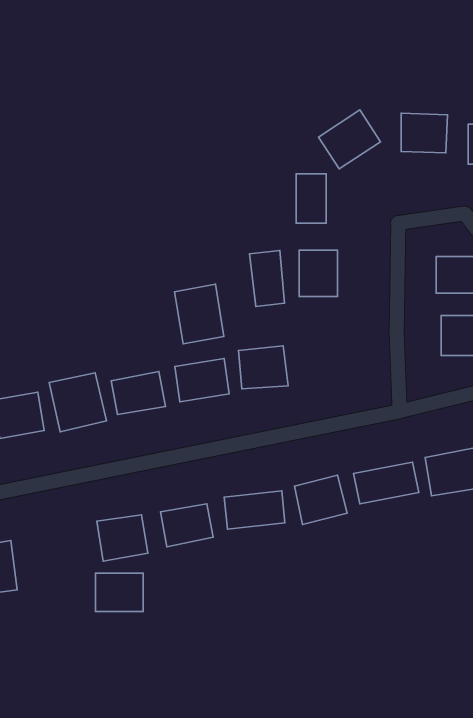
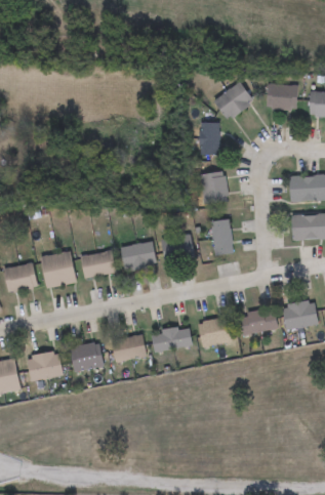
building: [249,251,285,306] -> [210,219,233,255]
building: [175,284,224,344] -> none
building: [95,573,143,611] -> [30,354,60,378]

